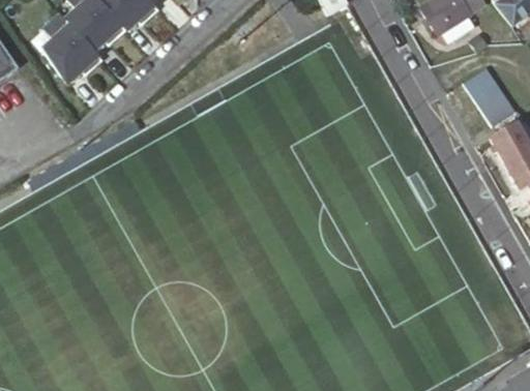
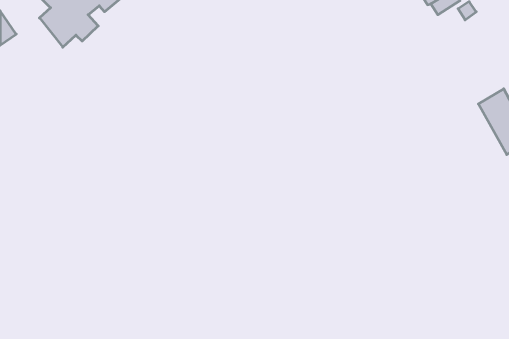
building: [464,67,516,127] -> none

